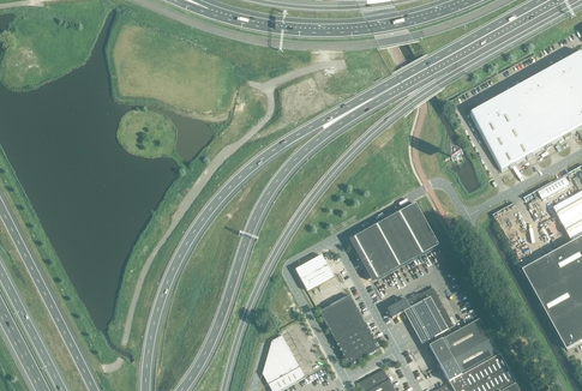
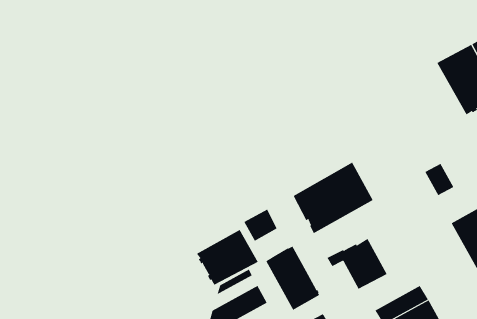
building: [470,91,540,170] -> none
building: none -> [196,229,258,286]
building: [428,315,490,363] -> none

